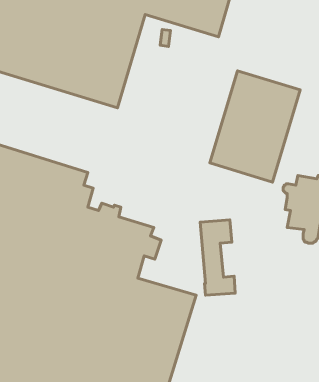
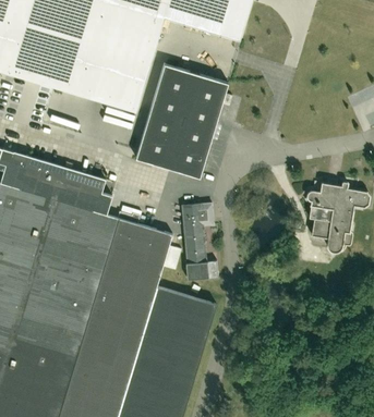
building: [210,71,300,182] -> [135,63,228,177]
building: [200,220,235,295] -> [182,203,218,280]

